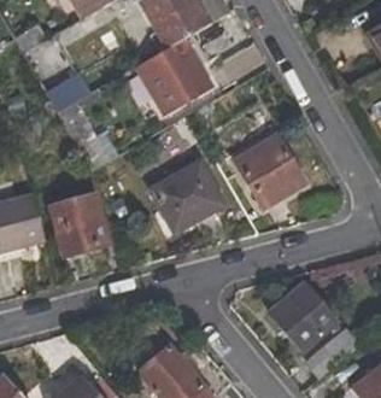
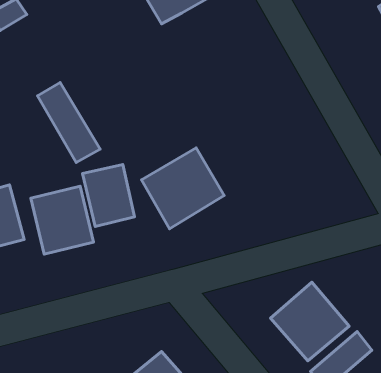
building: [136,37,213,115] -> none
building: [234,133,306,207] -> none
building: none -> [82,164,135,227]

